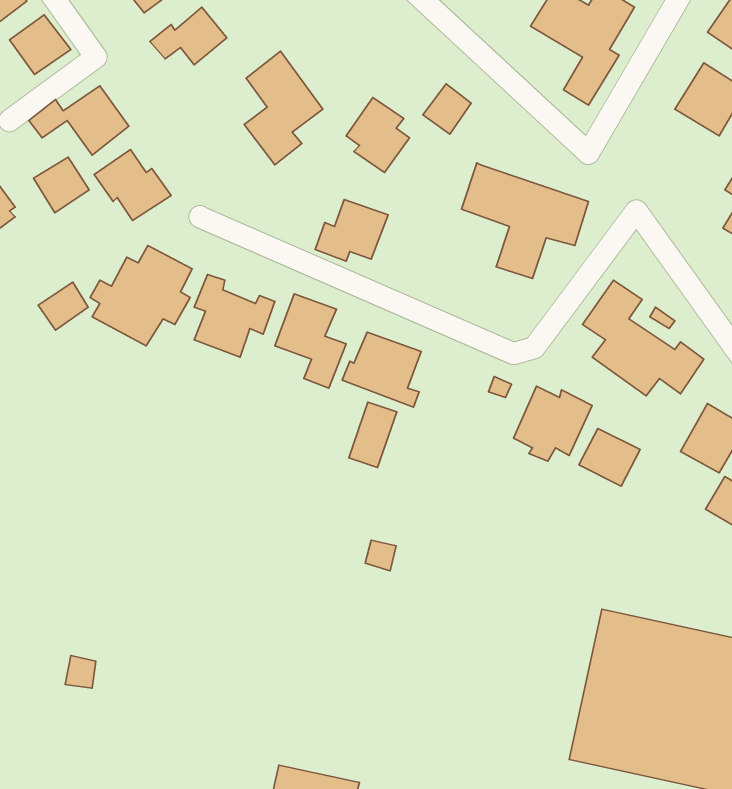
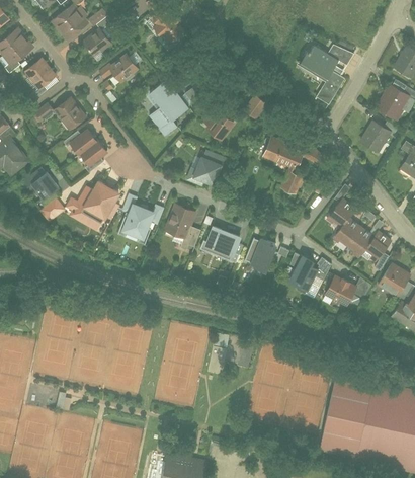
building: none -> [358,117,393,153]
building: [34,157,89,213] -> [30,169,60,198]
building: [349,402,397,467] -> [251,236,276,270]

